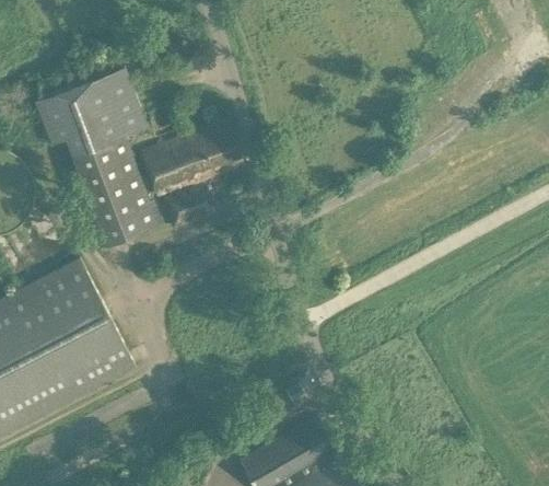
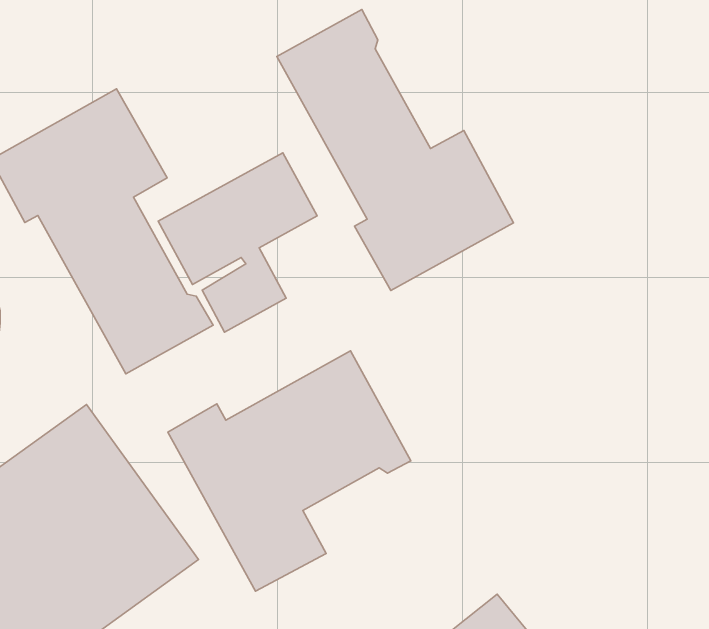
building: none -> [277,10,513,290]
building: none -> [168,351,411,591]

